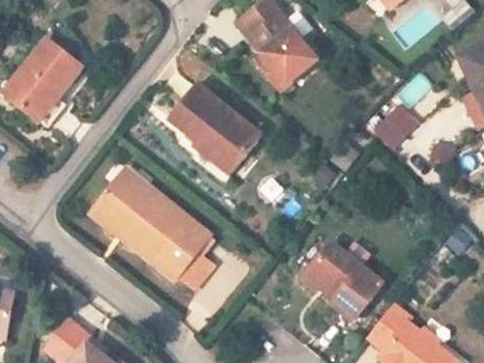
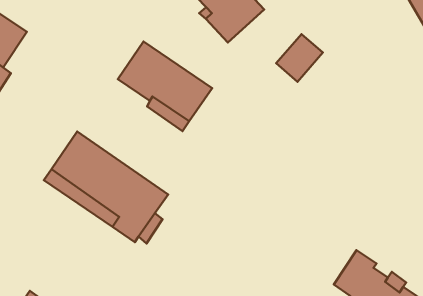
building: [371,102,418,148] -> [276,34,323,82]
building: [301,243,382,320] -> none

